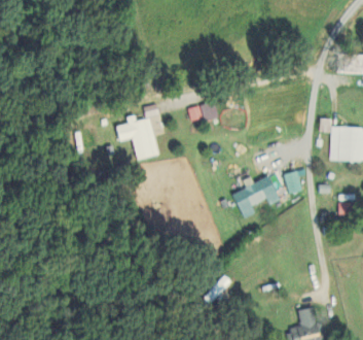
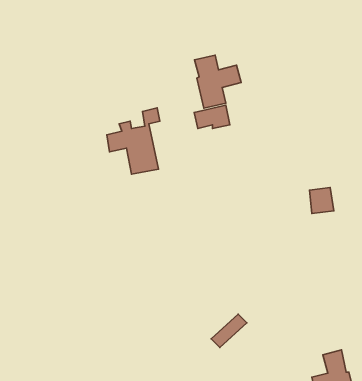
building: none -> [194,55,241,108]
building: [231,177,277,217] -> none

